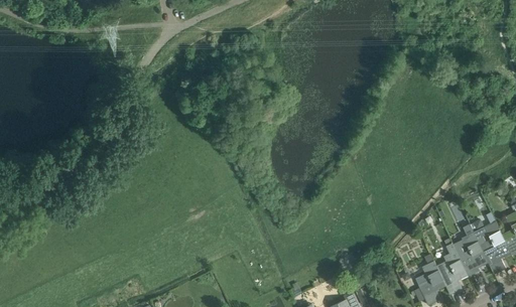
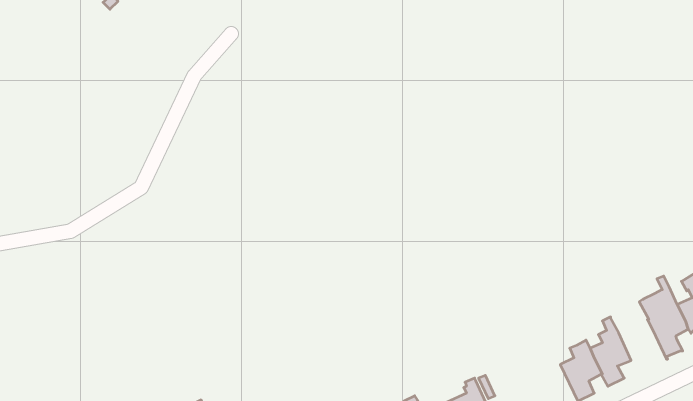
building: [453,233,488,277] -> none

